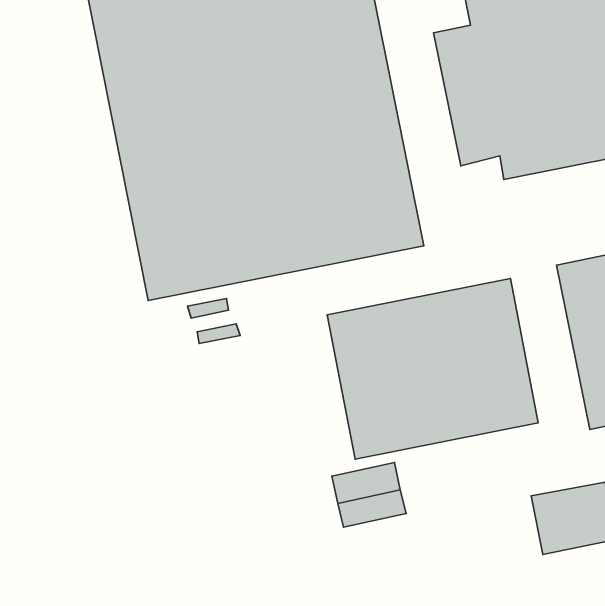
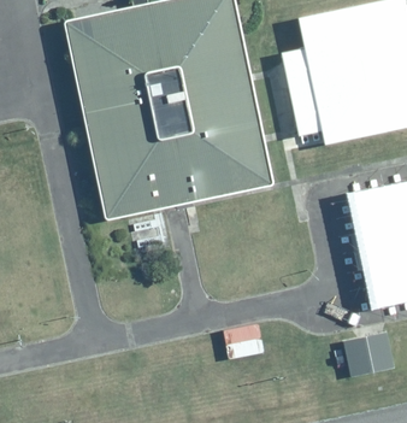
building: [327,279,538,459] -> none

